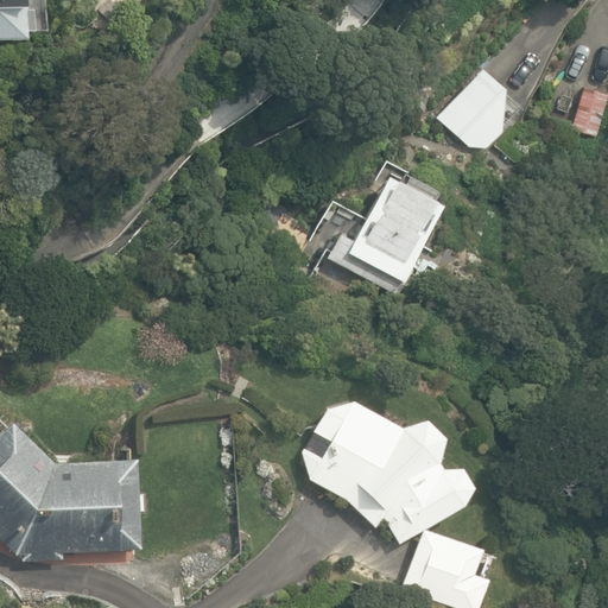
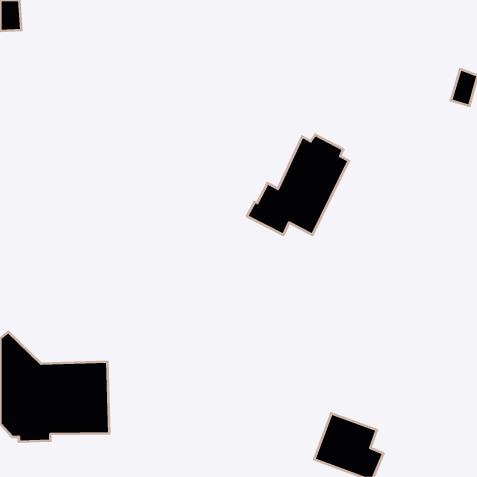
building: [437,70,522,157] -> none
building: [299,398,468,538] -> none

